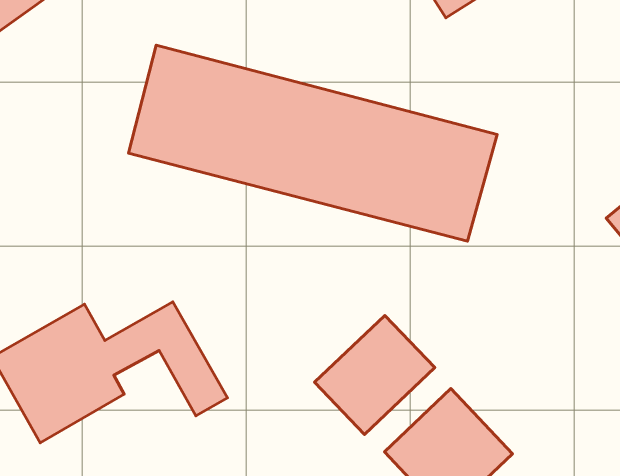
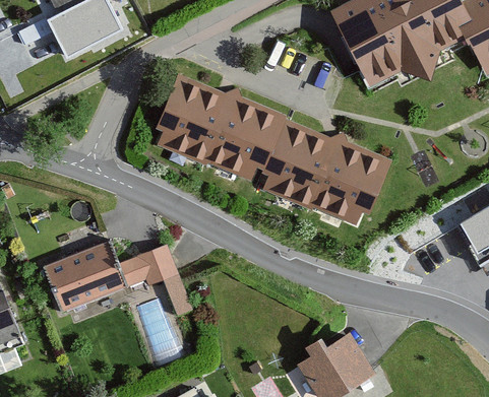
building: [315,315,435,434] -> none

